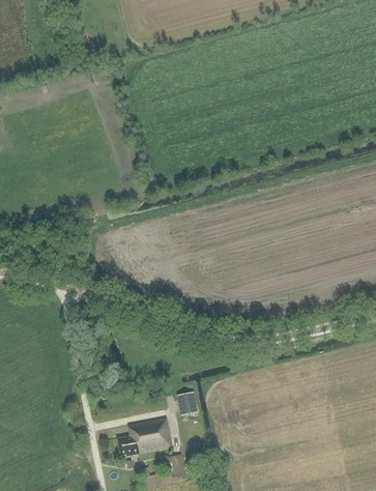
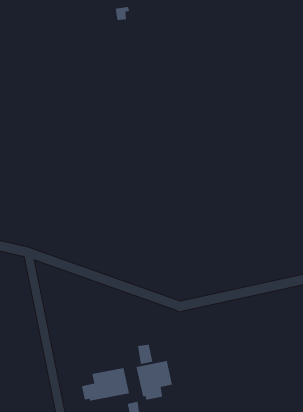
building: none -> [136,360,172,401]

